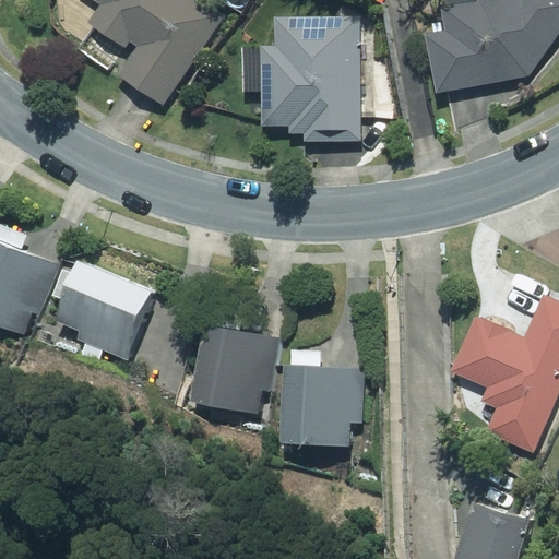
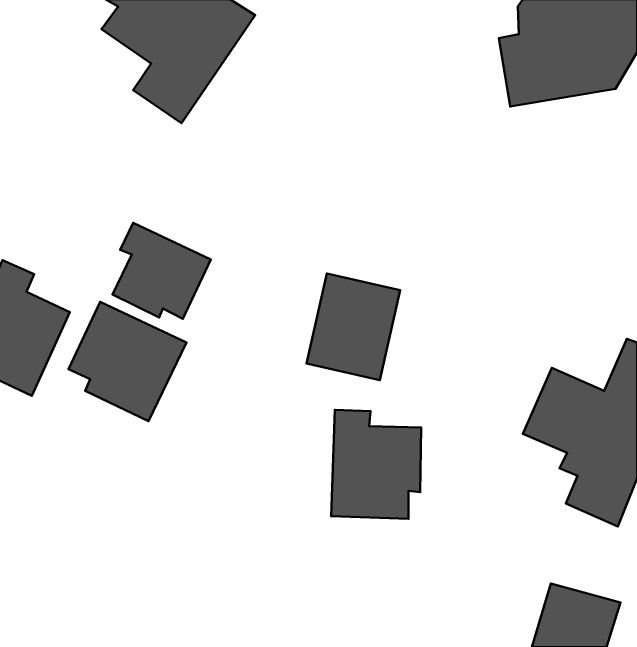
building: [241,14,360,142] -> none
building: none -> [112,223,211,319]
building: [193,322,274,414] -> [306,274,400,380]

